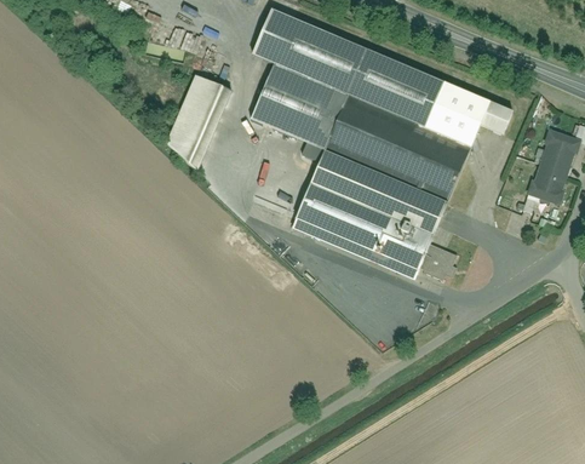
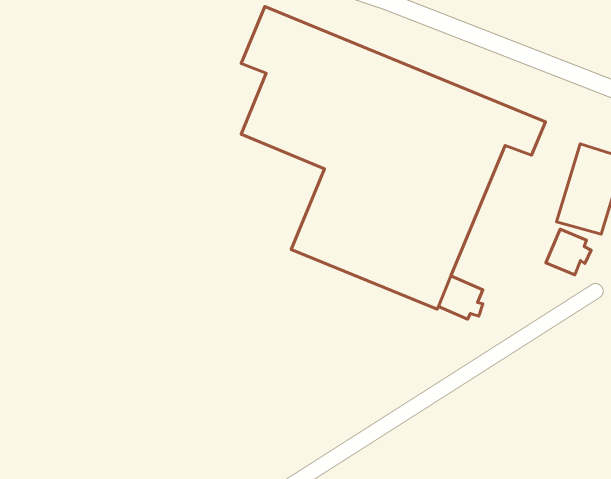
building: [167,71,233,170] -> none
building: none -> [546,229,591,275]

